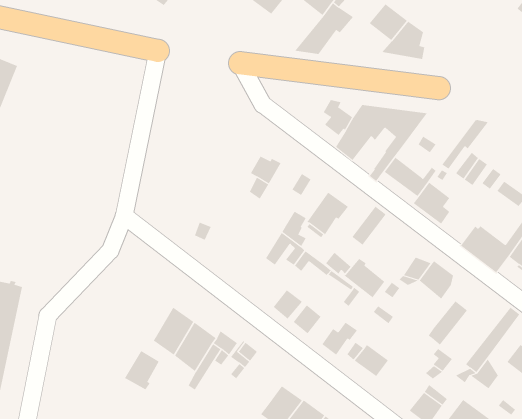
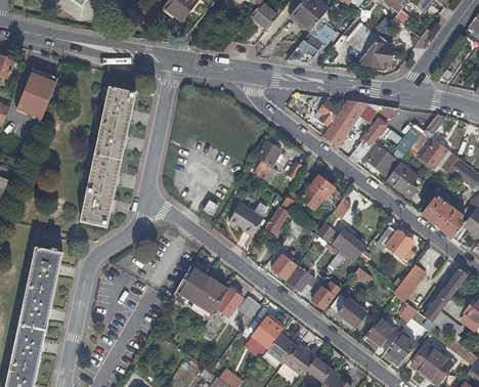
building: none -> [82,86,137,225]
building: none -> [227,204,260,235]
building: [124,350,160,390] -> none
building: none -> [361,315,392,345]
building: none -> [250,316,279,347]

